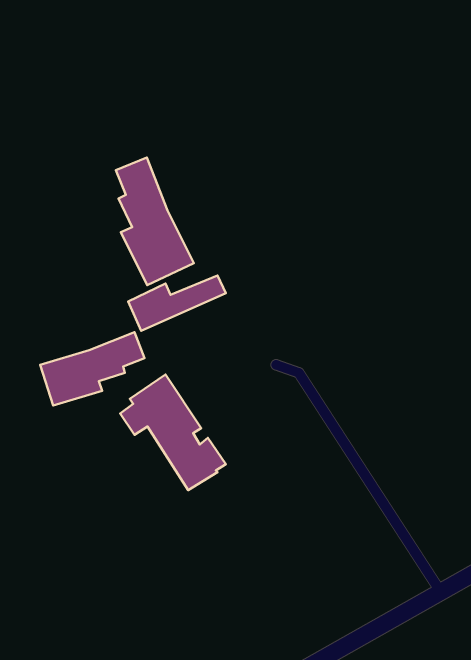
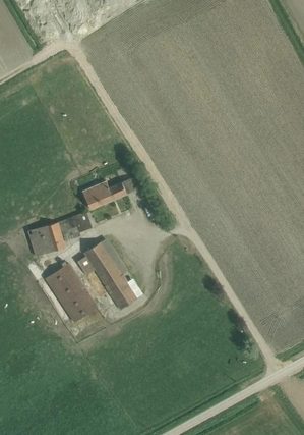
building: [116,158,194,285] -> none
building: none -> [45,263,97,323]

